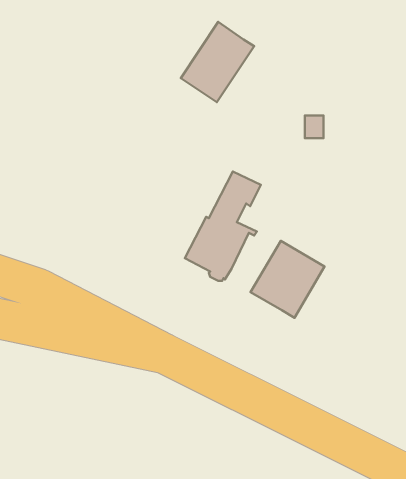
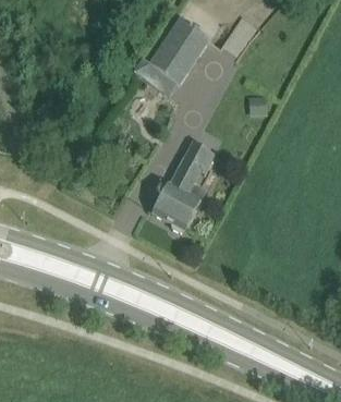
building: [251,241,325,318] -> none

